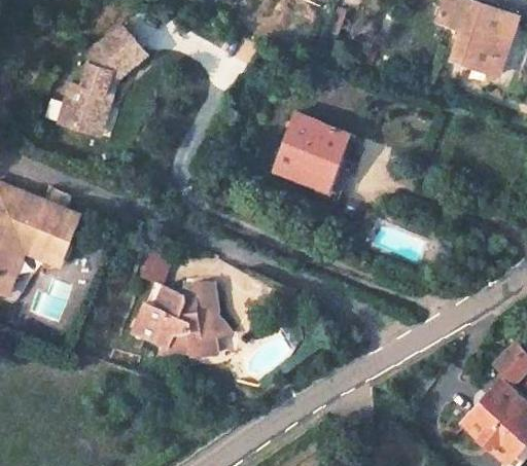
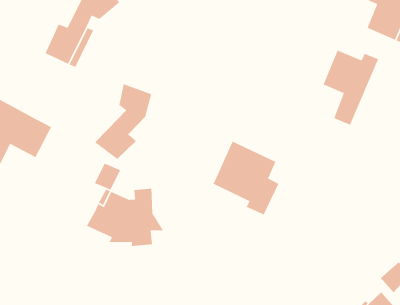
building: none -> [323,49,379,126]
building: [272,113,354,202] -> [212,141,279,215]
building: none -> [94,83,152,160]

